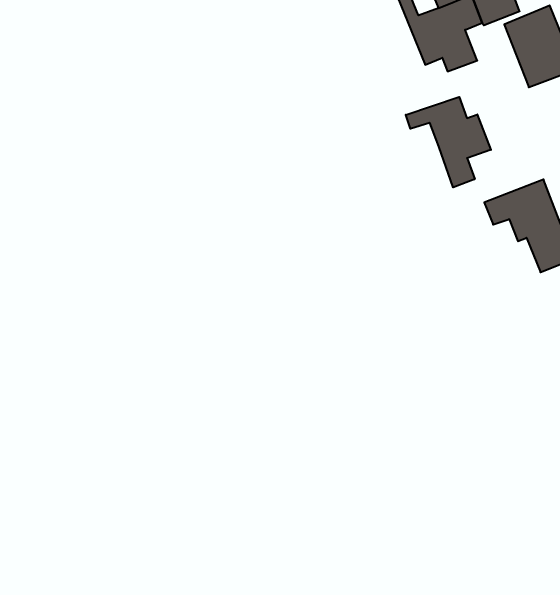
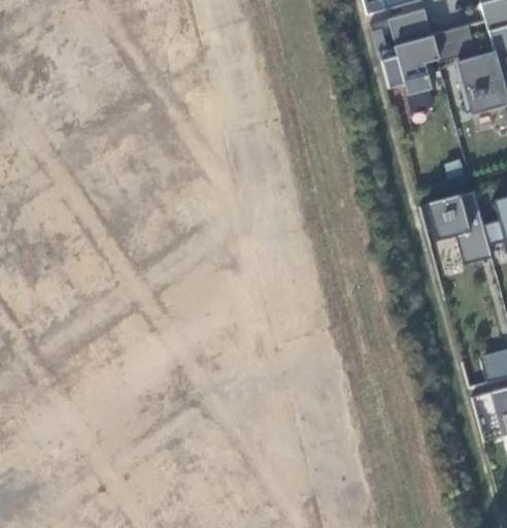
building: [406,97,491,187] -> none

